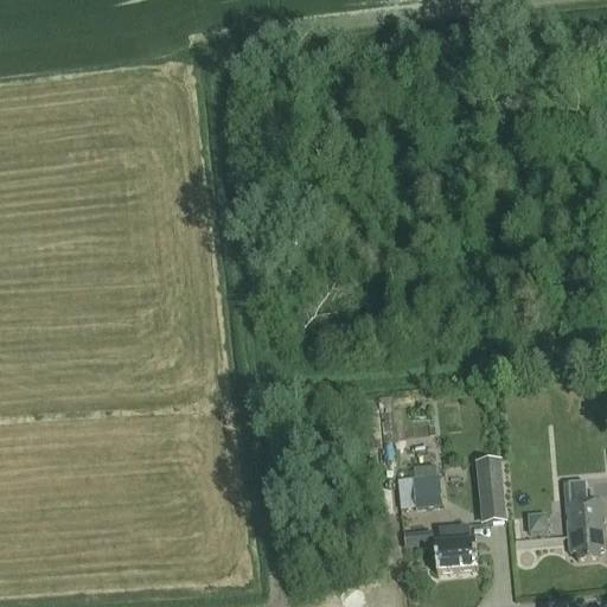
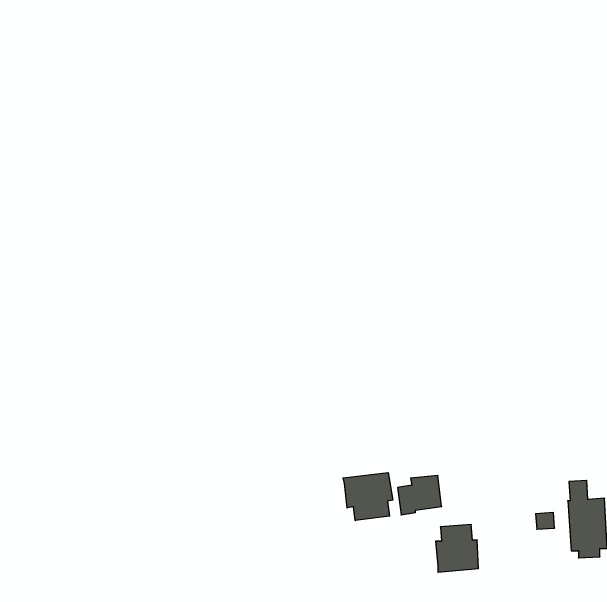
building: [477,455,507,519] -> none
building: none -> [343,473,393,521]

